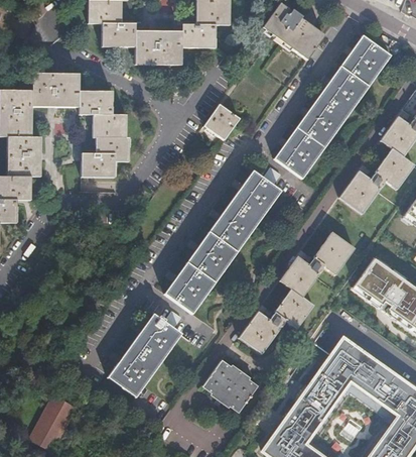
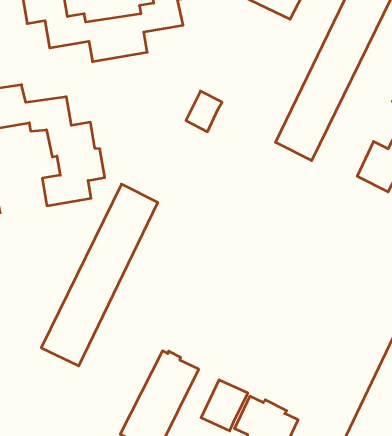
building: [164,169,280,313] -> [41,184,158,366]
building: [238,233,353,355] -> none
building: none -> [201,380,248,431]

